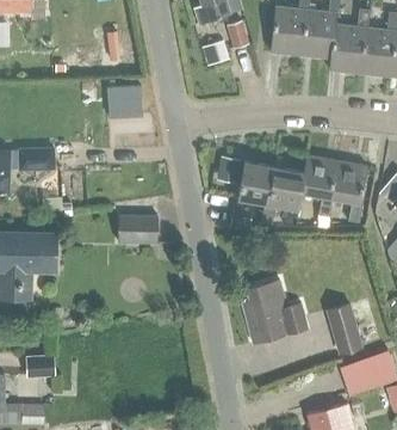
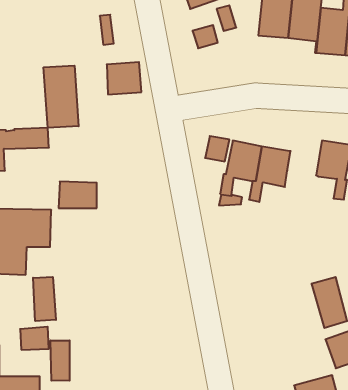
building: none -> [44,66,79,128]
building: [300,155,336,217] -> none
building: [118,215,157,242] -> [59,182,97,208]
building: [242,281,306,344] -> none
building: none -> [33,277,56,321]
building: none -> [51,340,70,381]

